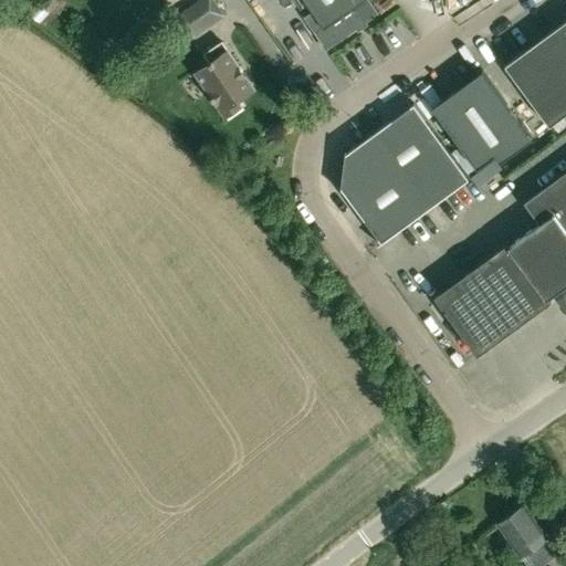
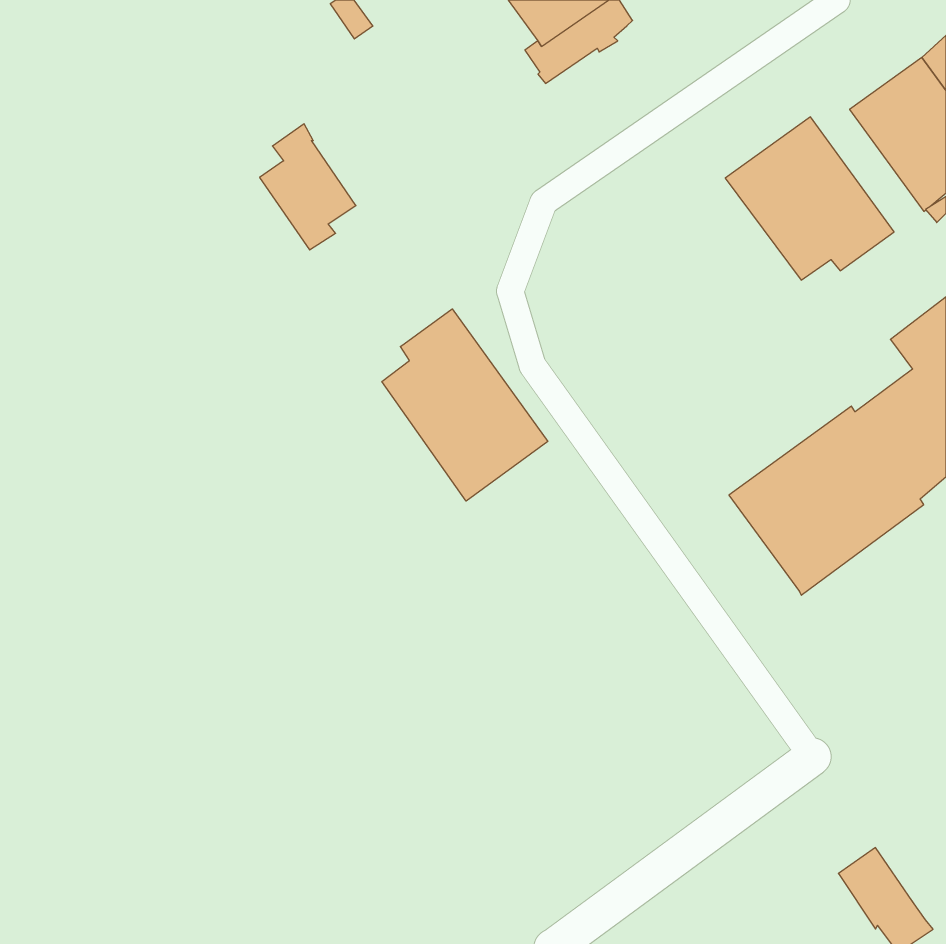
building: [196,42,253,117] -> [260,124,356,250]
building: [340,105,469,247] -> none
building: none -> [382,309,548,501]

